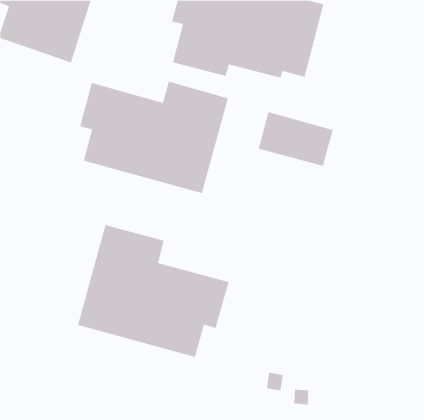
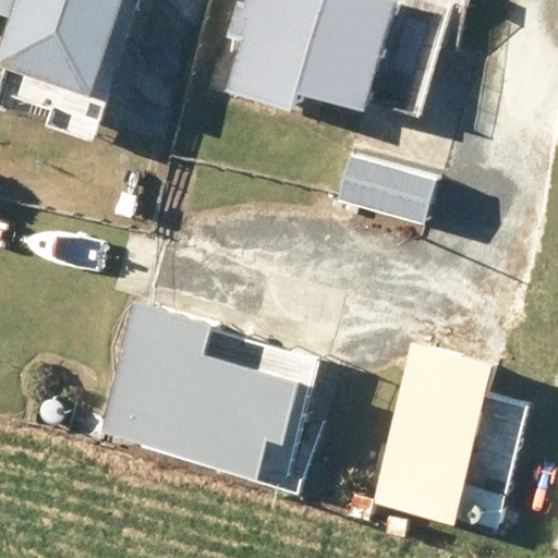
building: [80,81,229,194] -> none
building: none -> [373,344,523,531]

